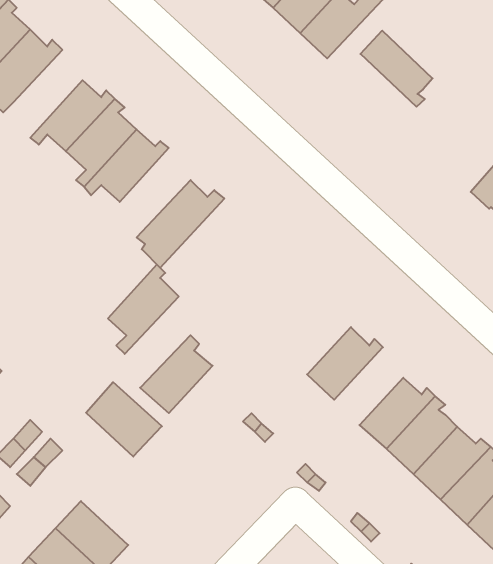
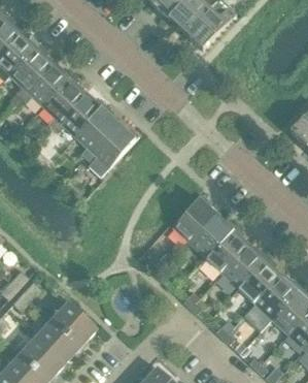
building: [360,31,433,107] -> none
building: none -> [10,43,53,97]
building: [108,264,179,354] -> [75,103,118,158]
building: [140,335,213,413] -> [172,194,216,242]
building: none -> [206,225,248,273]
building: [86,382,162,457] -> [52,300,98,346]

